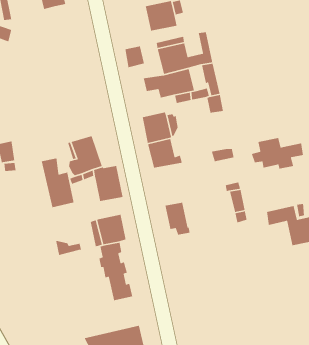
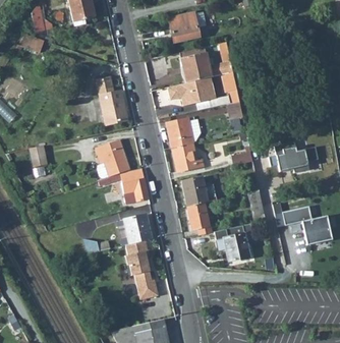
building: [41,158,74,208] -> [95,77,126,125]
building: none -> [181,177,216,207]
building: none -> [214,224,252,262]

